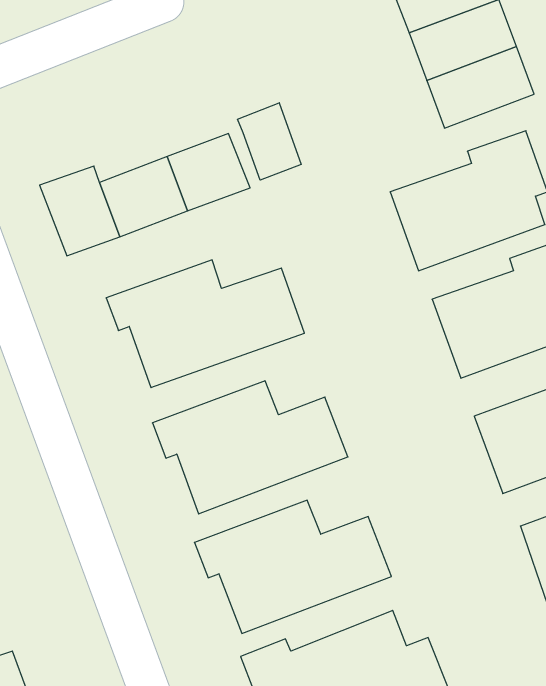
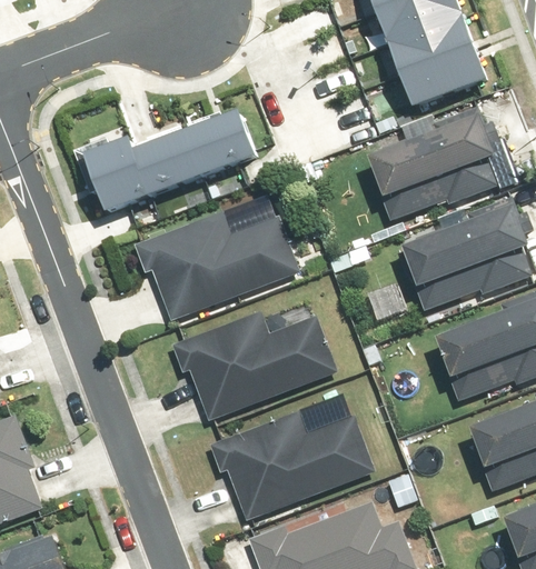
building: [237,103,301,180] -> none

